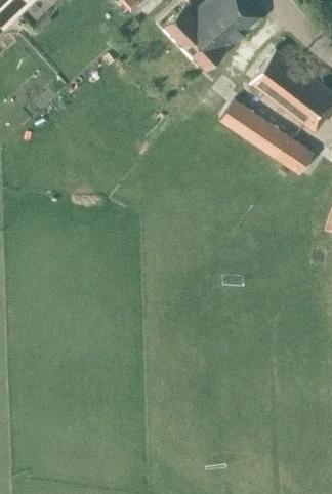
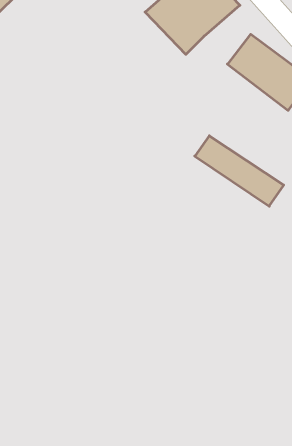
building: [219,99,314,174] -> [195,136,284,206]

